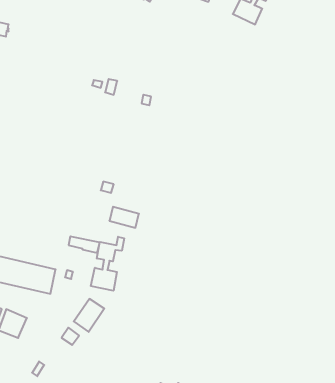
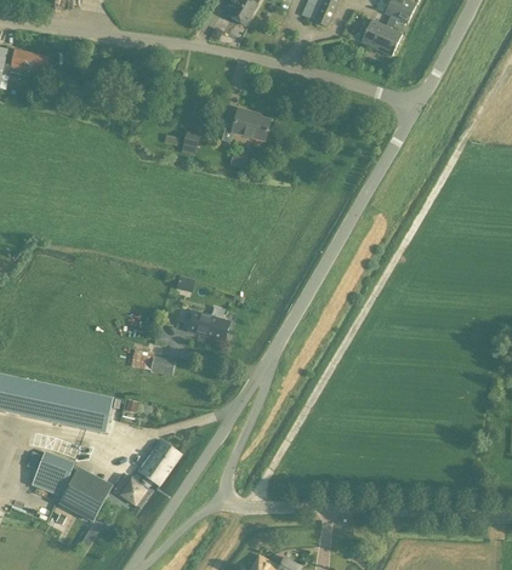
building: none -> [220,107,268,141]
building: [91,237,124,291] -> none
building: none -> [57,473,106,519]

